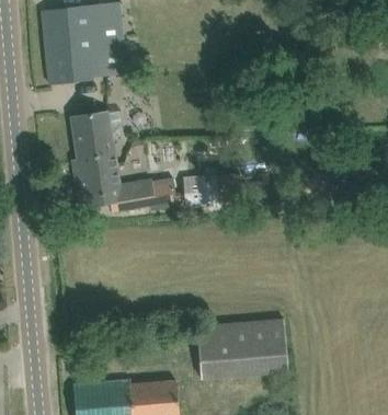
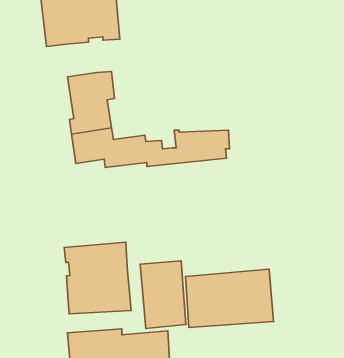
building: none -> [64,242,131,314]
building: none -> [140,261,186,328]

